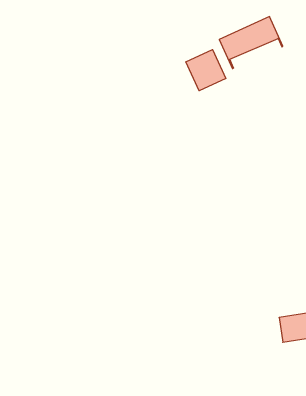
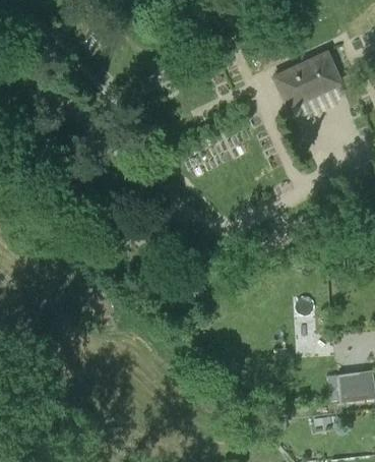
building: [186,50,226,91] -> none

